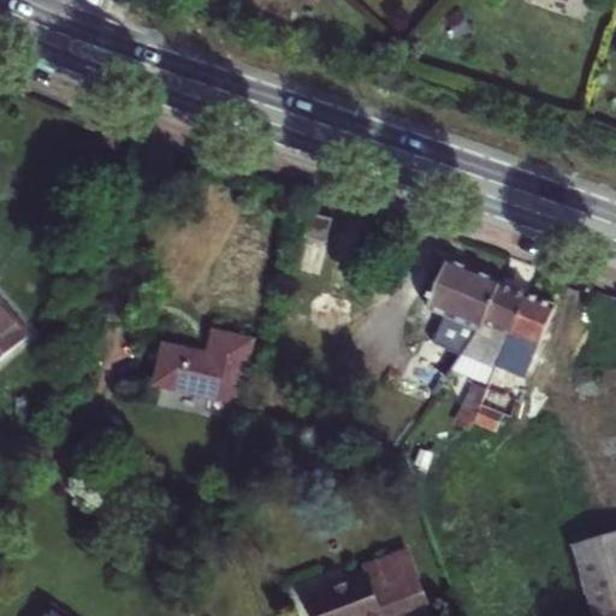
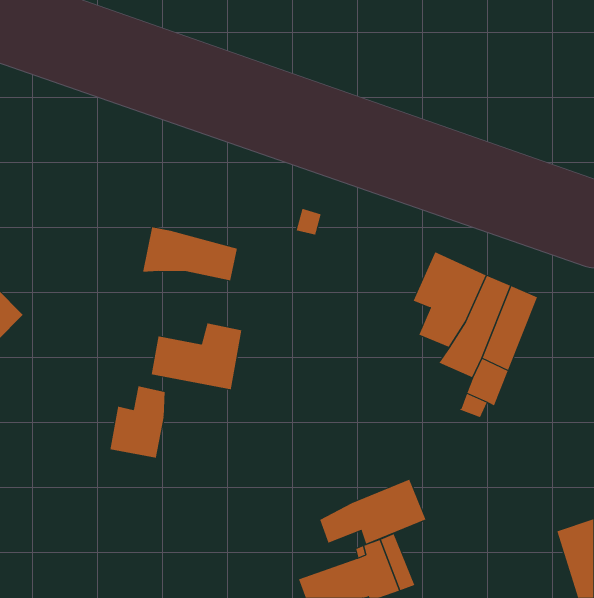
building: none -> [142,226,237,281]
building: none -> [110,386,165,458]
building: none -> [319,479,426,545]

